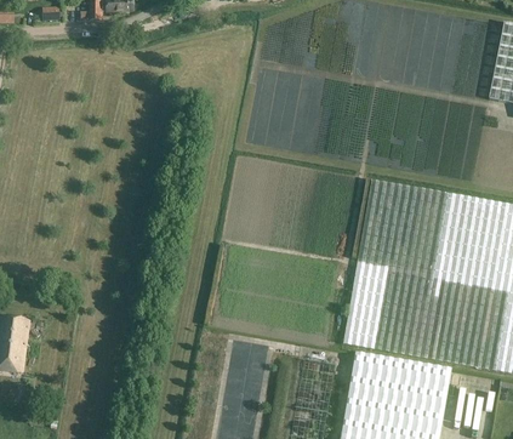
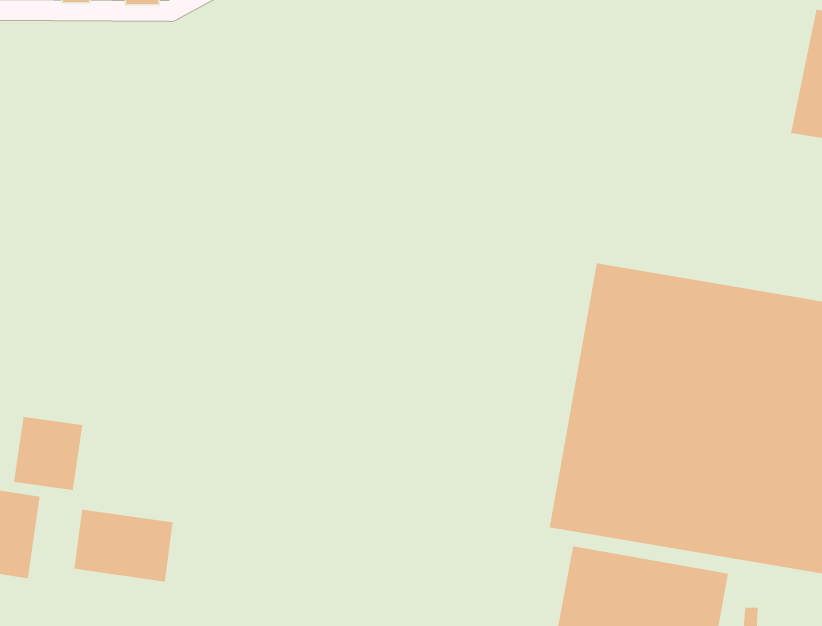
building: none -> [13,416,83,491]
building: none -> [73,509,173,582]

